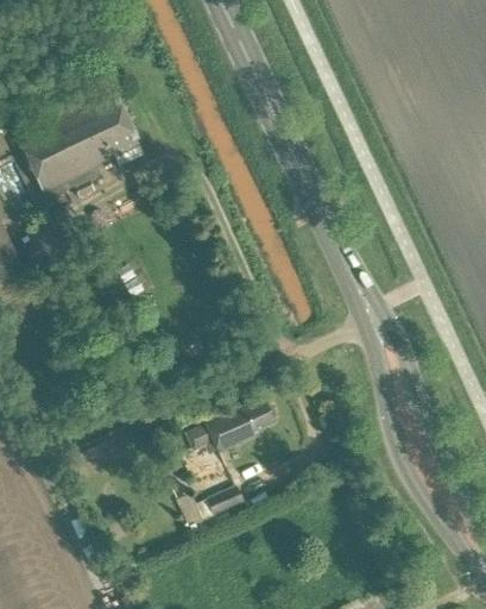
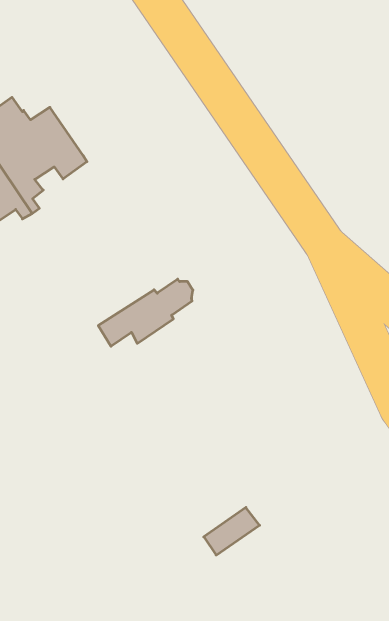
building: [188,402,277,453] -> [98,279,193,346]

